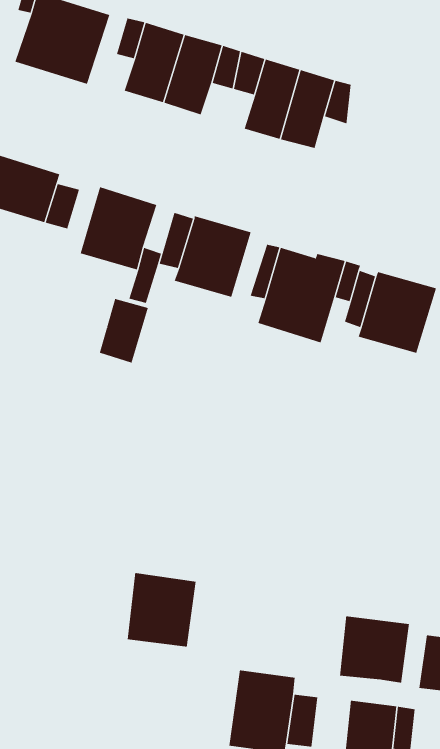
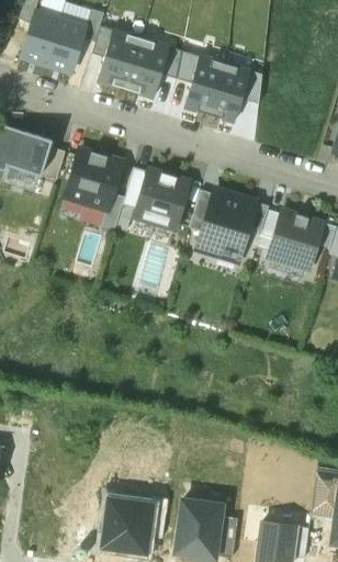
building: [99,298,148,364] -> none
building: [127,573,197,647] -> [104,494,155,548]
building: [339,616,409,683] -> none

